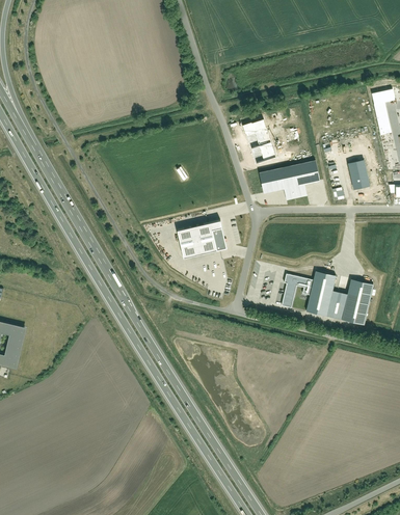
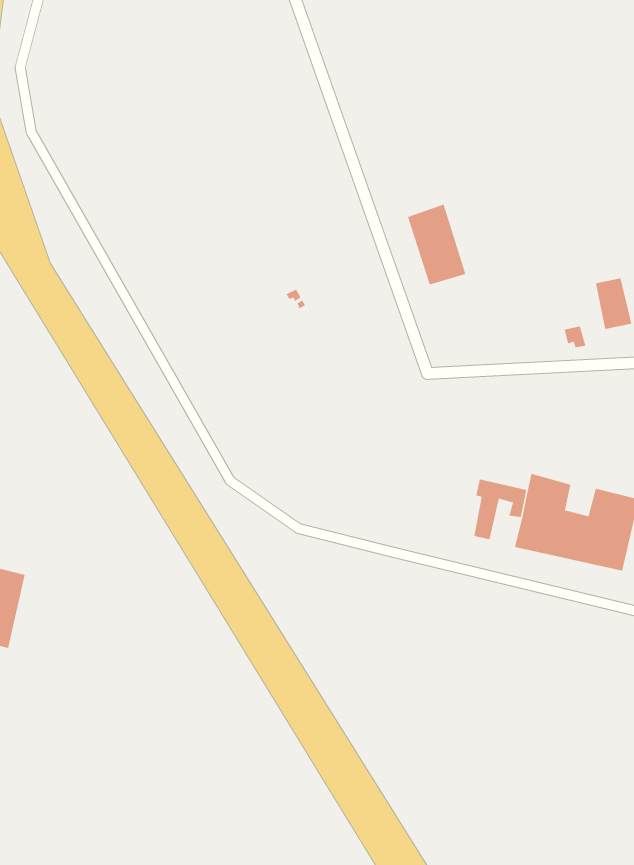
building: [260,160,319,200] -> none
building: [177,219,225,256] -> none

